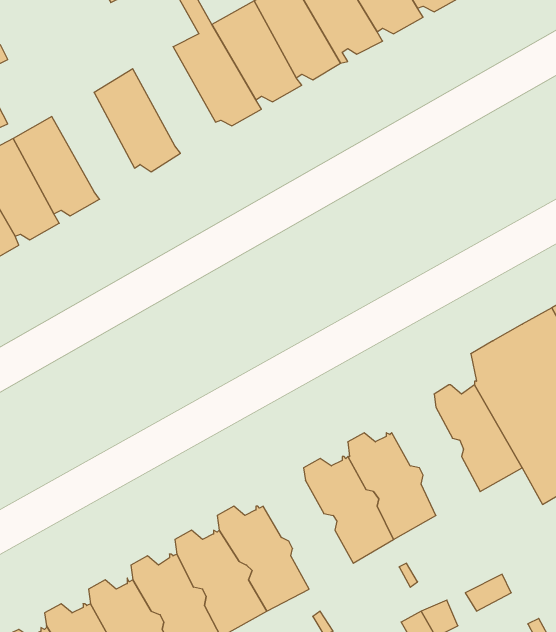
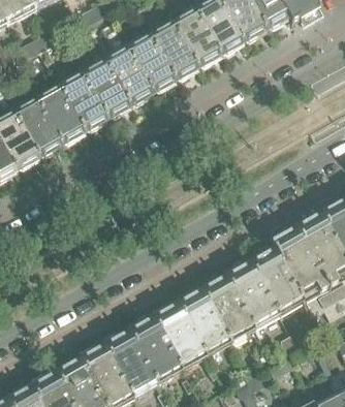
building: none -> [80,42,129,119]
building: none -> [34,88,84,145]
building: none -> [224,264,275,325]
building: none -> [152,306,203,367]

